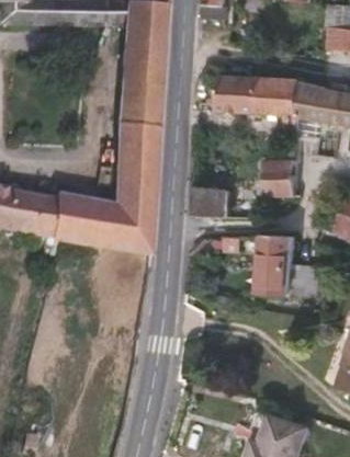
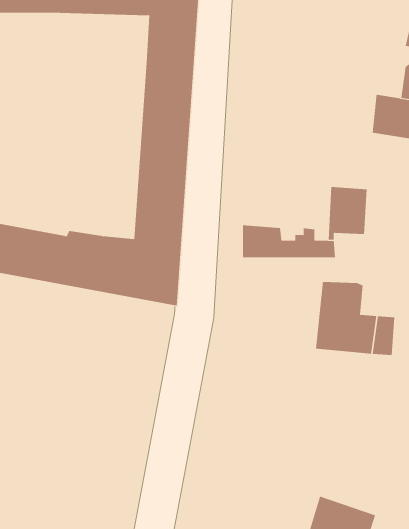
building: [196,72,307,137] -> none

